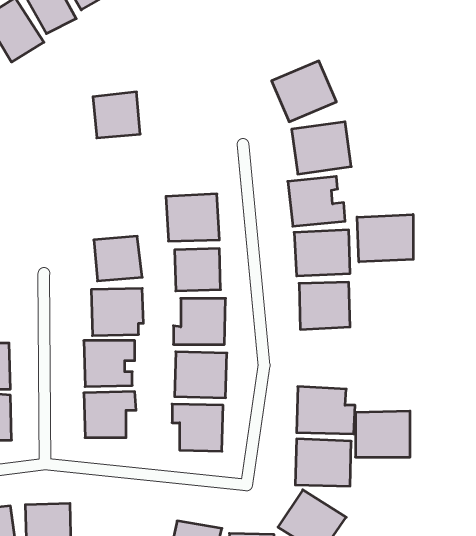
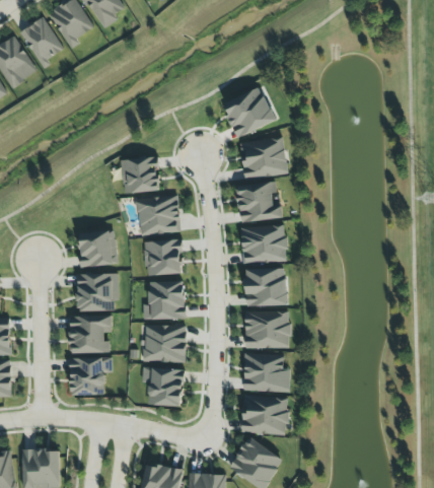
building: [93,92,140,138] -> [121,156,159,194]
building: [357,214,413,262] -> none
building: [355,411,410,457] -> [245,310,290,348]

